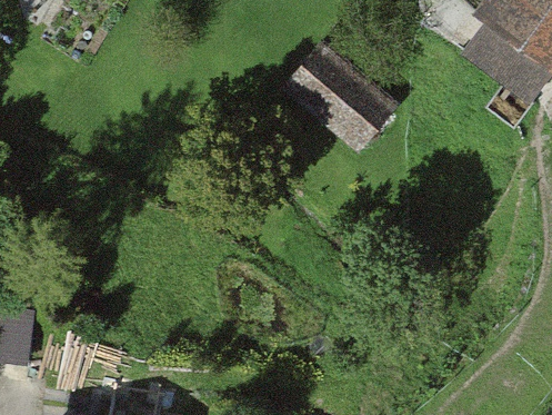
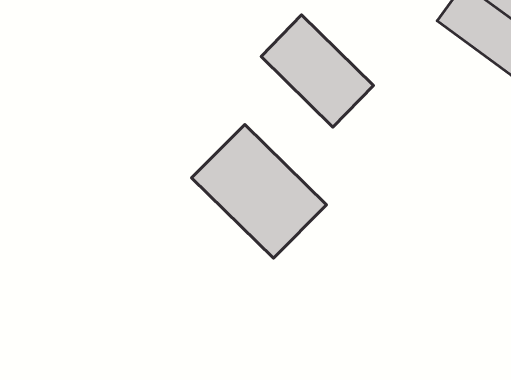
building: none -> [192,124,327,258]

